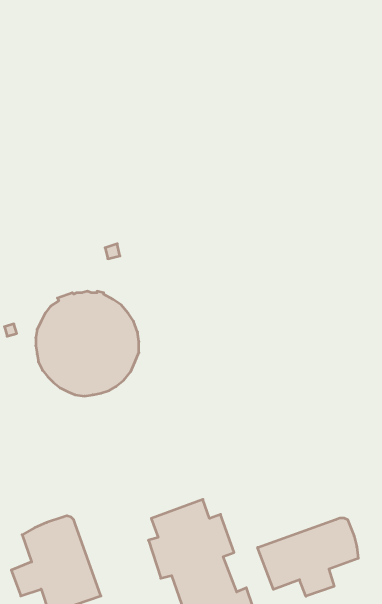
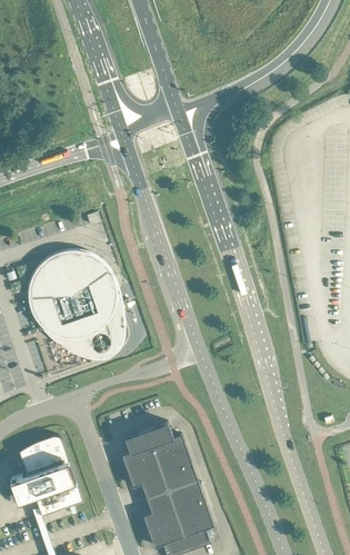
building: [258,518,358,596] -> none

